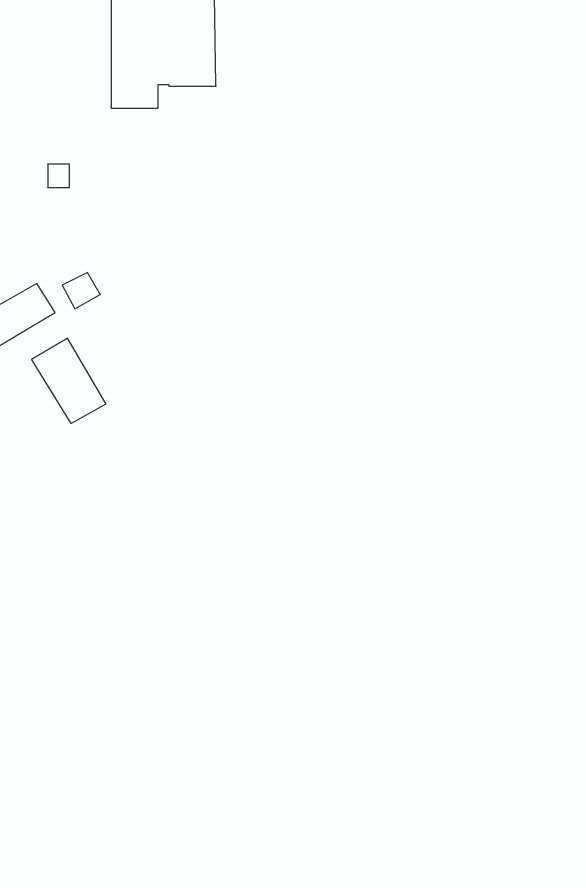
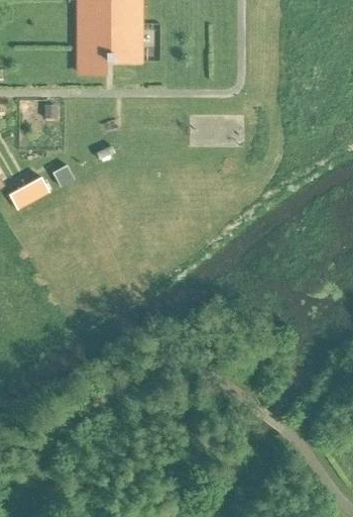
building: [32,338,106,423] -> none

